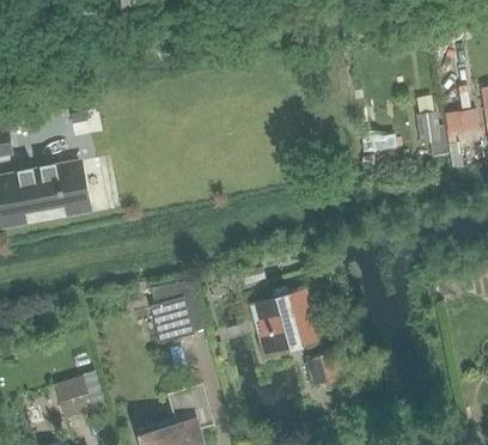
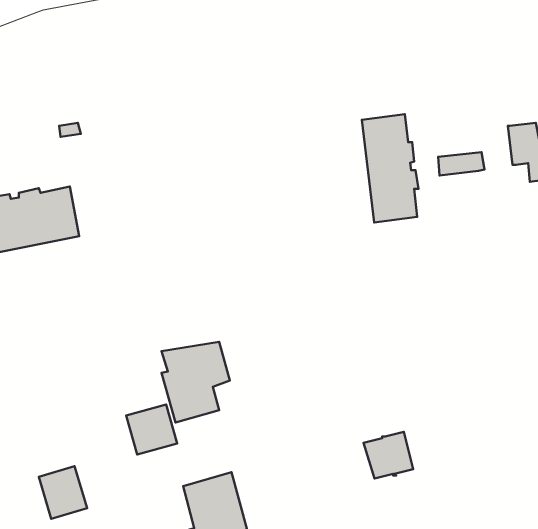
building: none -> [362,114,418,223]
building: [250,286,321,356] -> none
building: none -> [126,405,177,454]

